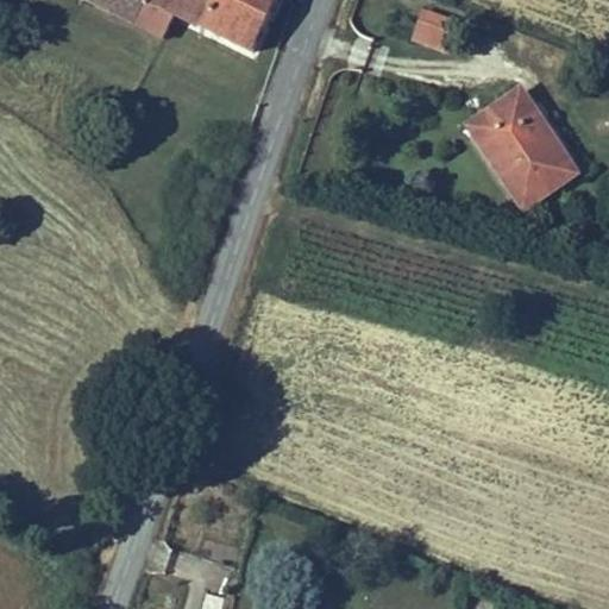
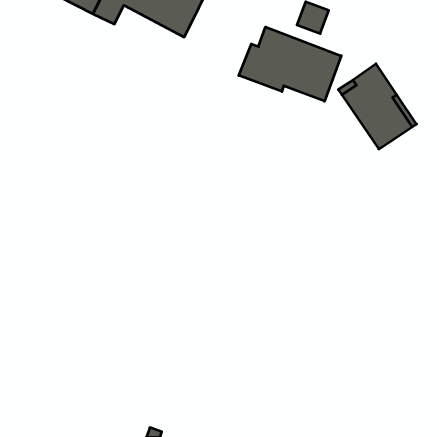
building: none -> [239,27,341,101]

